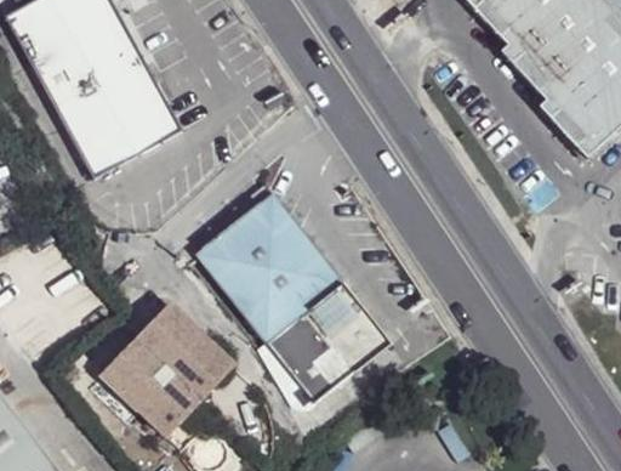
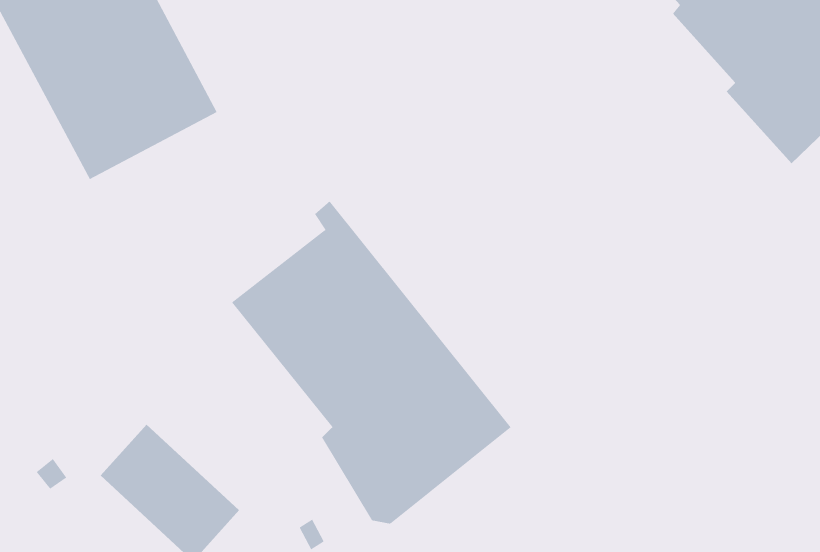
building: [133,306,230,401] -> none

